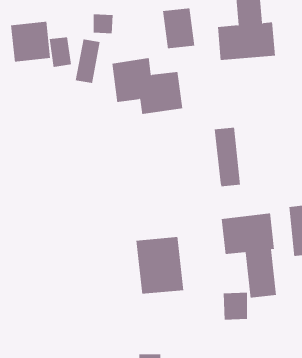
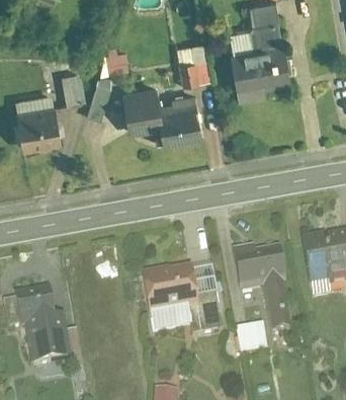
building: [10,21,51,62] -> [19,103,61,145]
building: [214,127,241,187] -> [191,266,219,327]
building: none -> [14,289,73,368]

